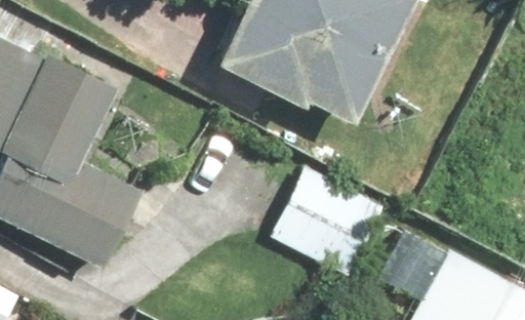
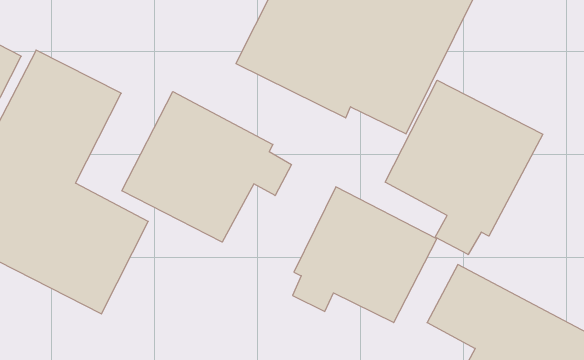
building: none -> [385,80,543,255]
building: none -> [122,92,291,242]

